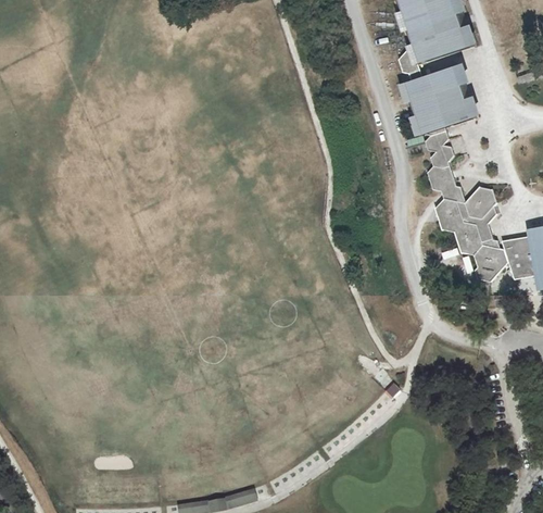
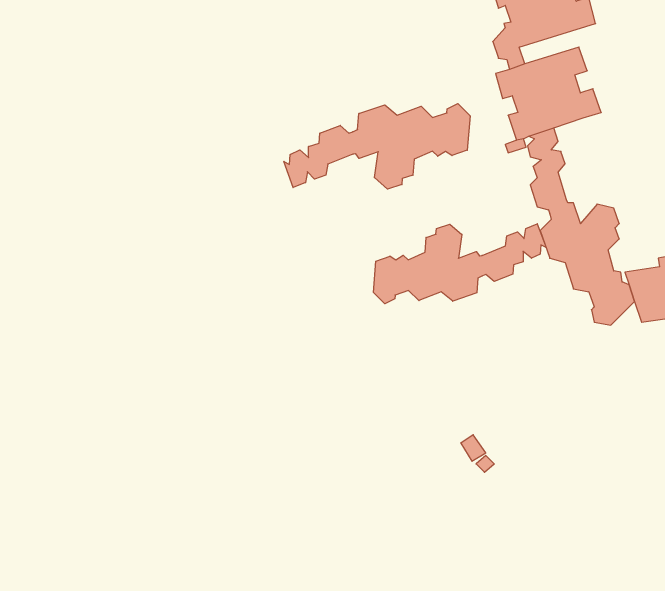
building: none -> [284,104,470,189]
building: none -> [374,224,546,304]

